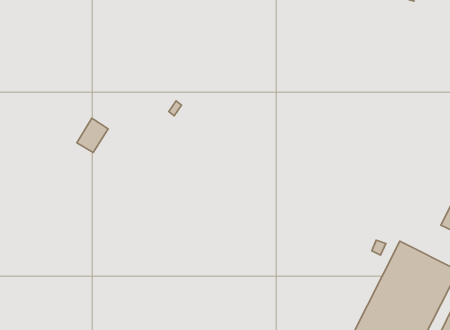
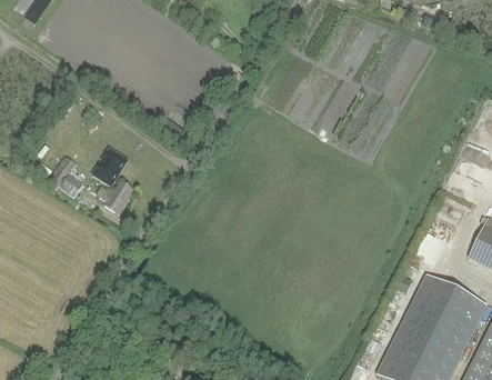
building: none -> [48,157,82,198]
building: none -> [97,181,133,216]

